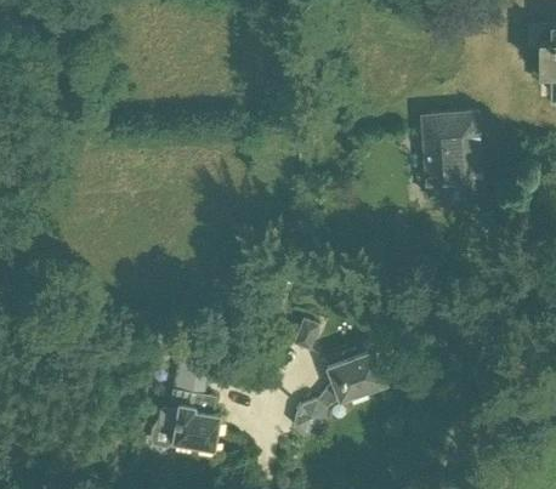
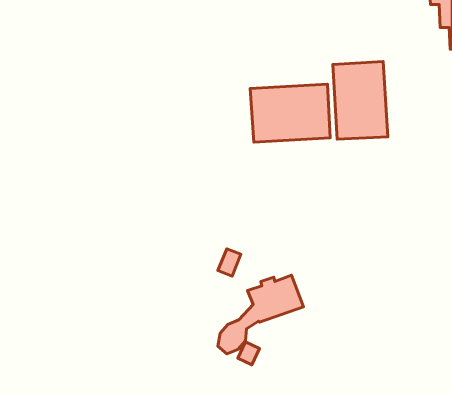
building: none -> [250,84,330,142]
building: [149,360,220,451] -> none

